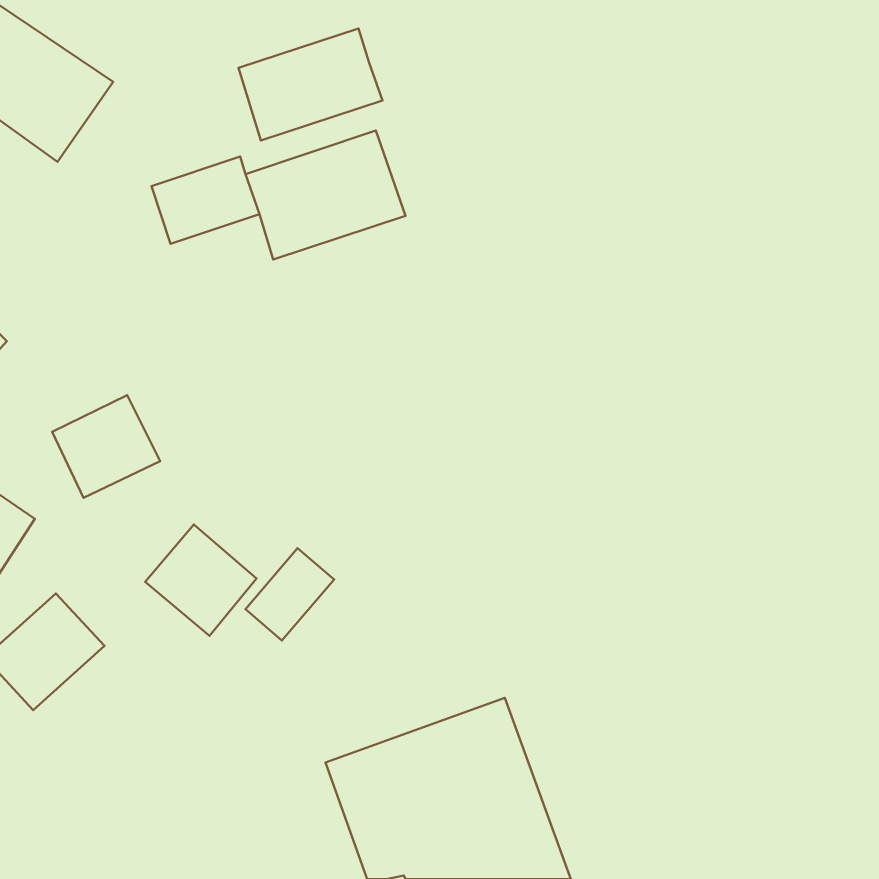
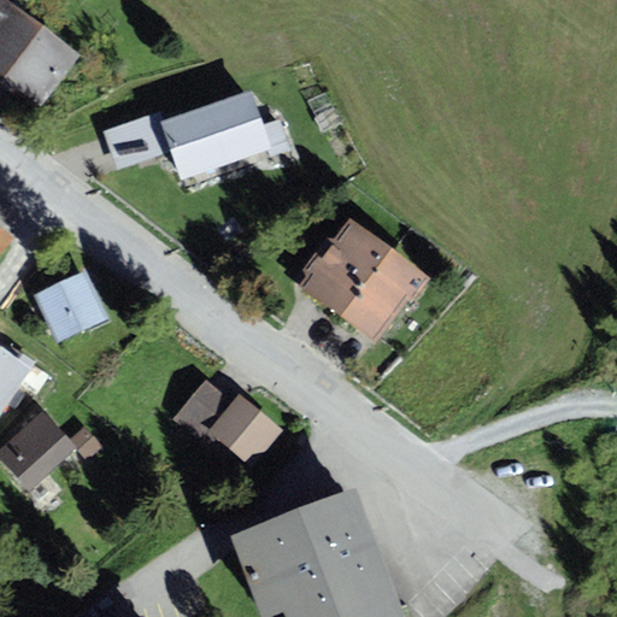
building: [238,29,382,140] -> none
building: none -> [300,218,429,343]
building: [145,524,256,636] -> [211,394,288,471]

